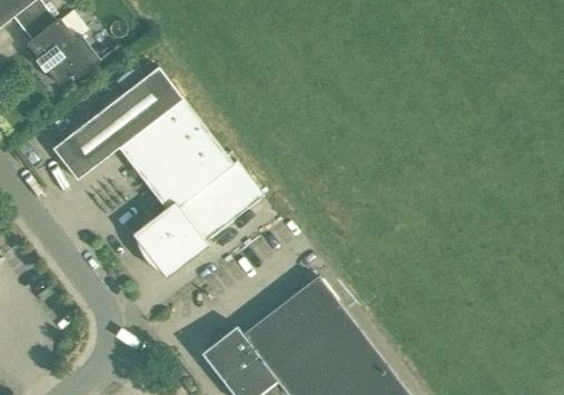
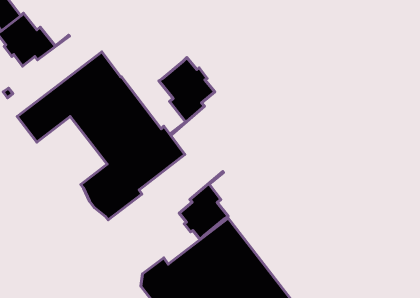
building: none -> [159,57,215,134]
building: none -> [179,172,228,239]

